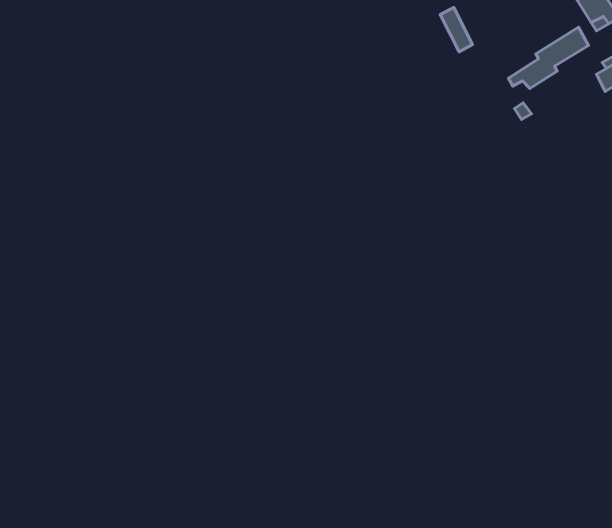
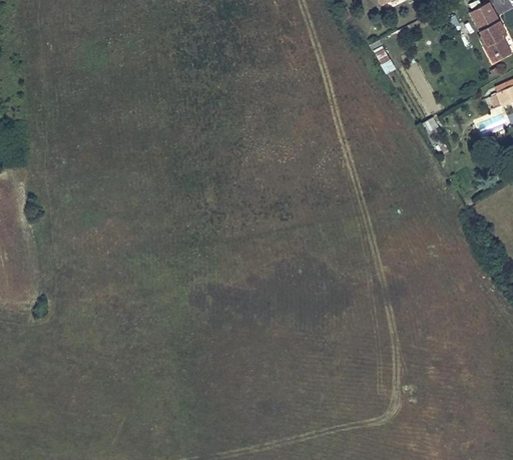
building: [508,27,588,88] -> none

